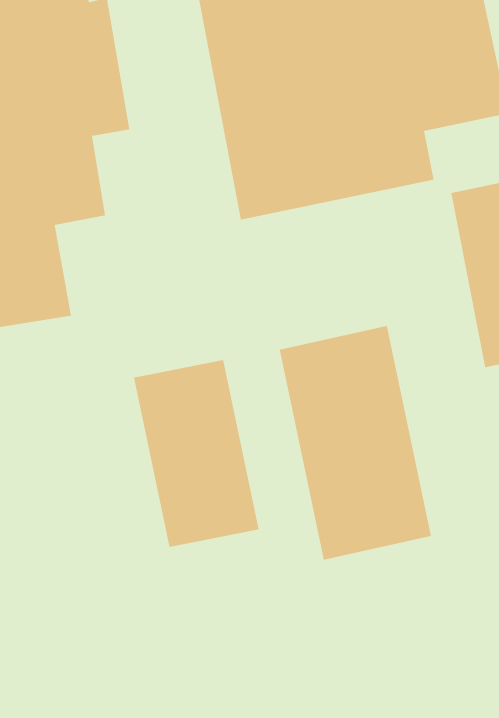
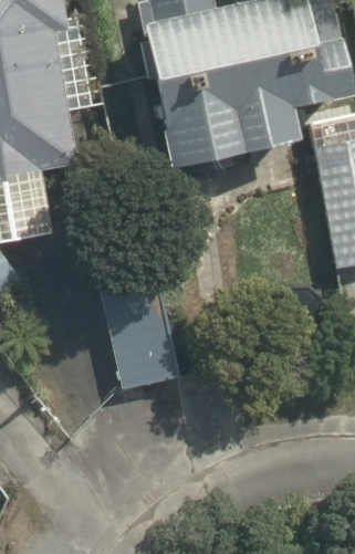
building: [279,325,431,561] -> none

